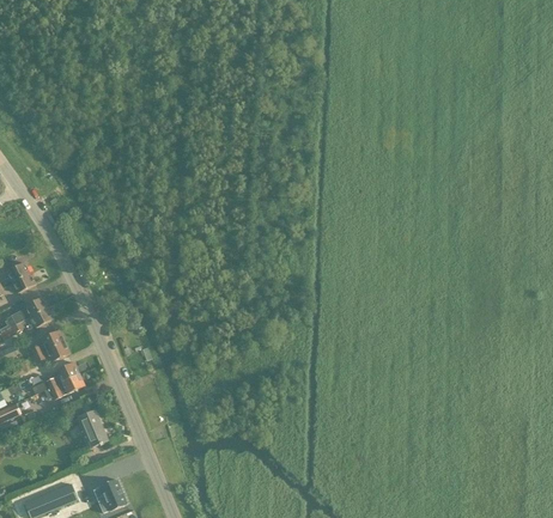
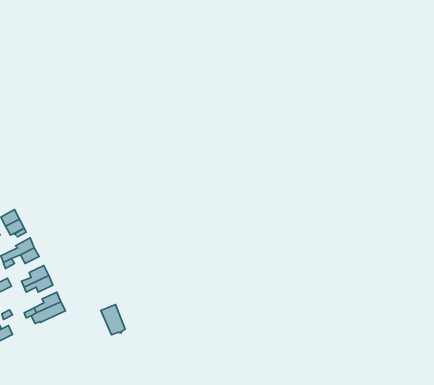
building: [77,409,107,446] -> [101,304,125,335]

